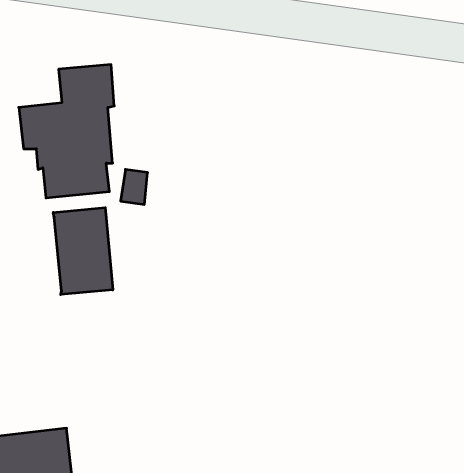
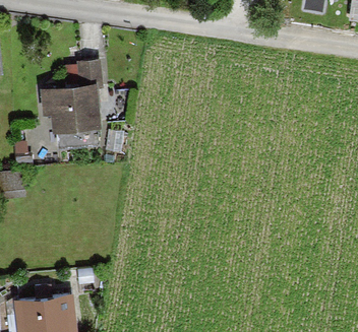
building: [53,208,113,295] -> none

